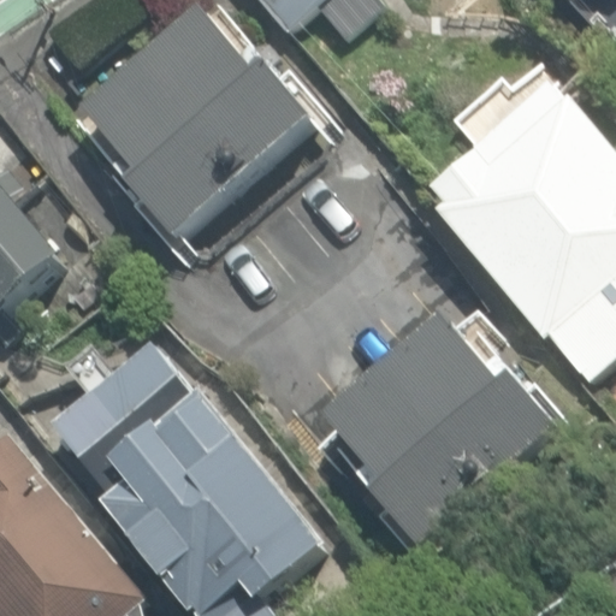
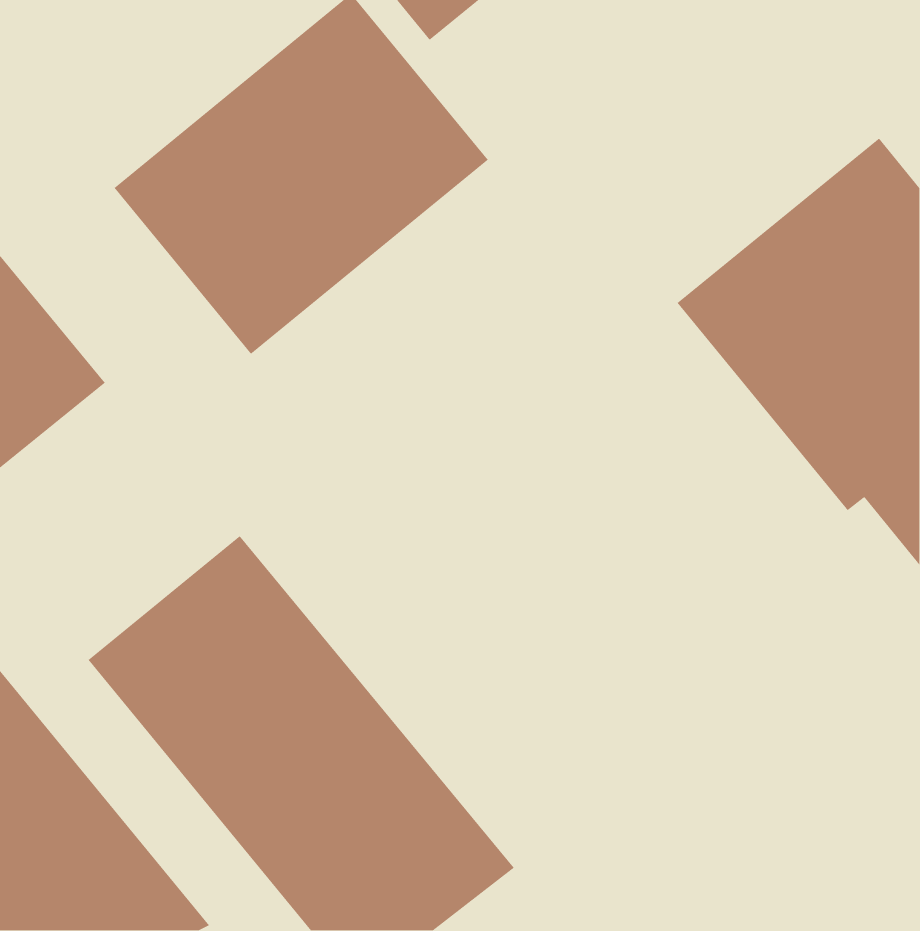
building: [328,320,563,551] -> none

